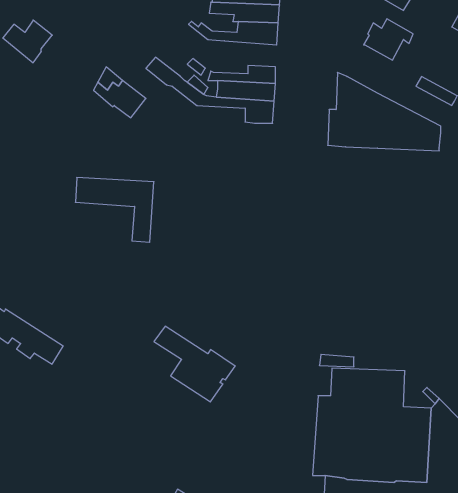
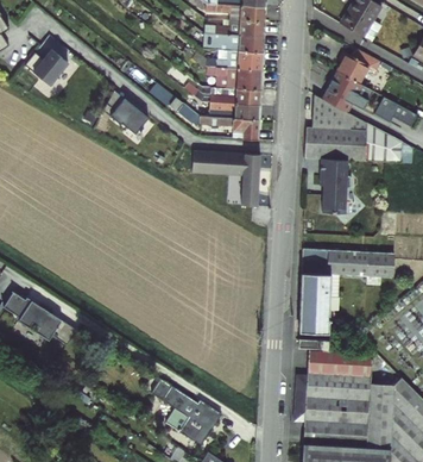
building: none -> [215,67,261,89]
building: none -> [322,70,374,112]
building: none -> [321,158,352,213]
building: [75,178,154,242] -> [192,150,260,206]
building: none -> [299,249,394,333]
building: [154,326,235,402] -> [151,380,221,445]

